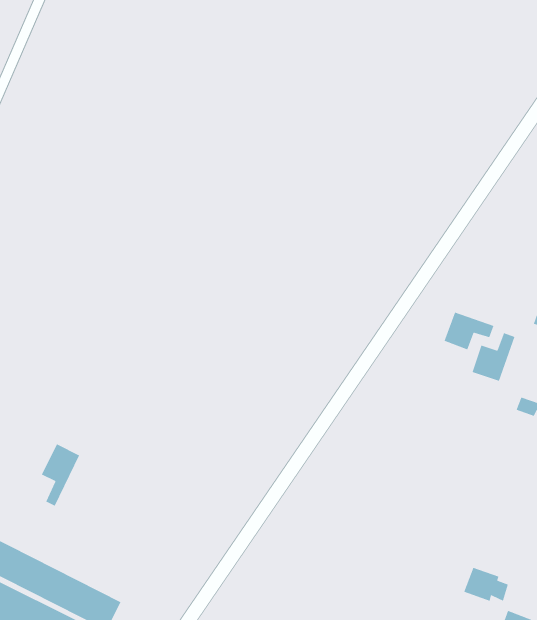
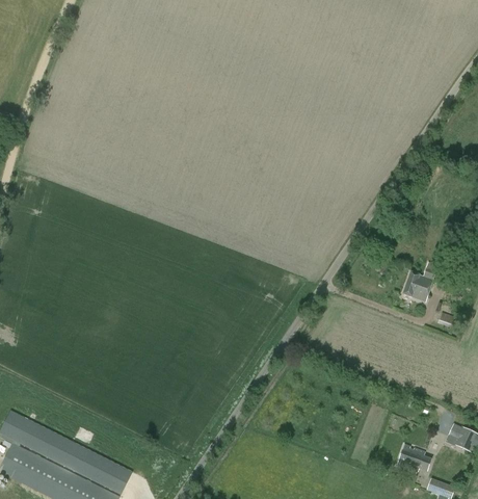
building: [444,311,495,350] -> none
building: [41,443,80,507] -> none

